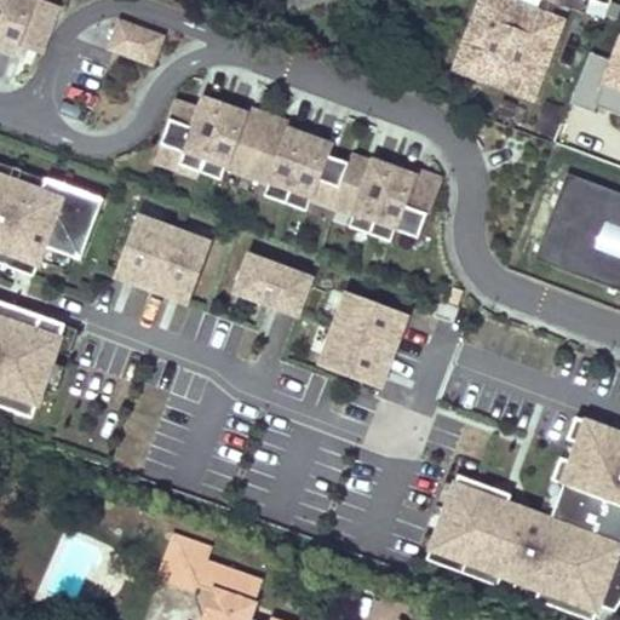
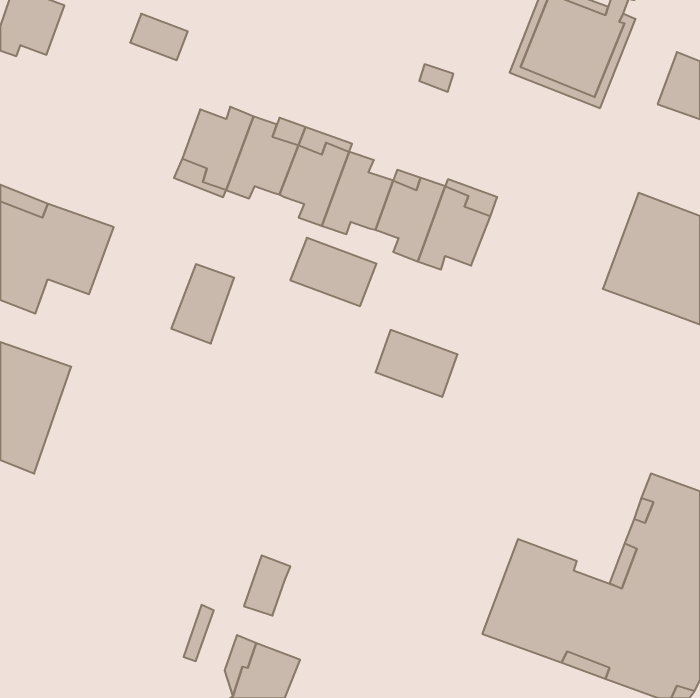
building: [113,219,173,291] -> none
building: [235,256,311,316] -> [290,238,377,306]
building: [317,329,391,388] -> none
building: [173,540,214,593] -> [244,555,290,616]

